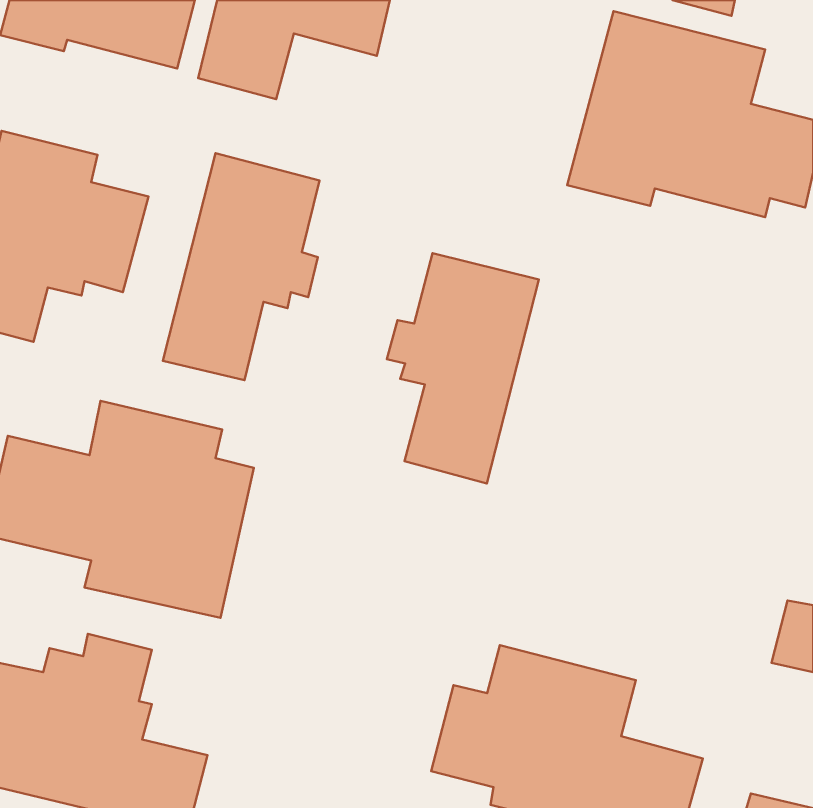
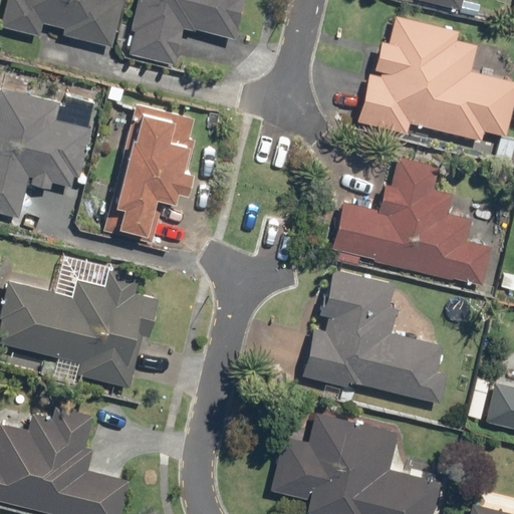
building: none -> [331,155,494,288]
building: [387,253,539,484] -> none
building: none -> [302,267,449,404]

